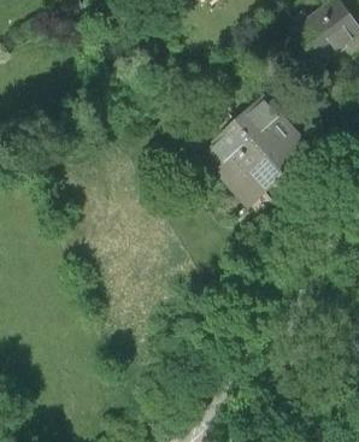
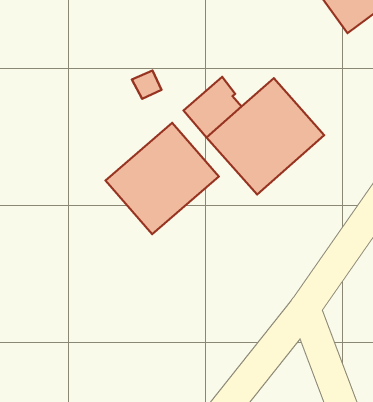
building: none -> [106,123,219,234]

